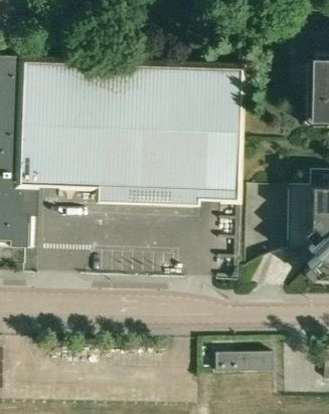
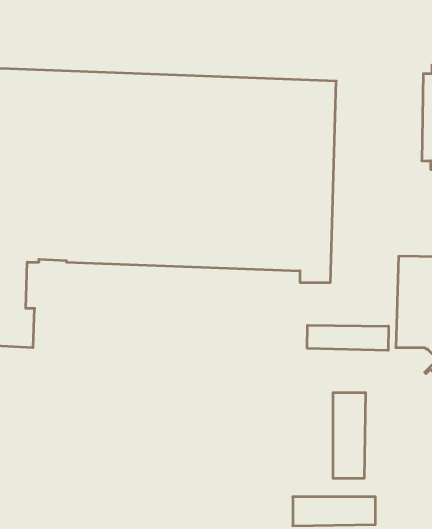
building: none -> [307,325,388,350]
building: none -> [333,393,366,478]

